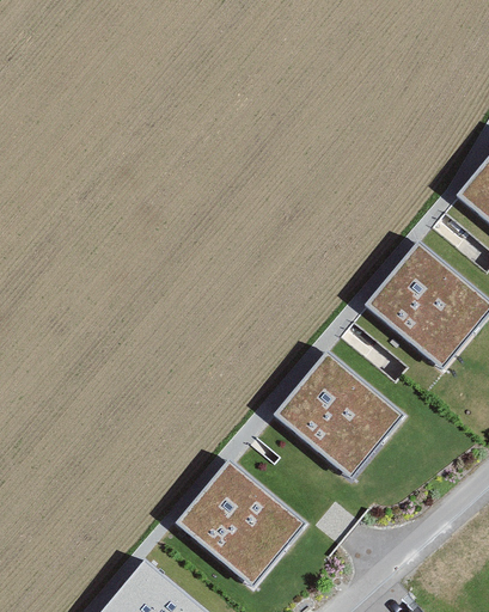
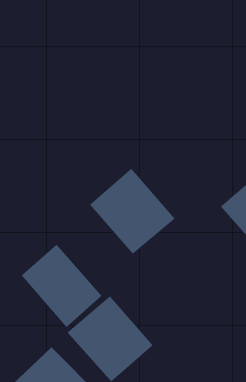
building: [274,351,402,477] -> [89,168,175,255]
building: none -> [21,244,102,328]

